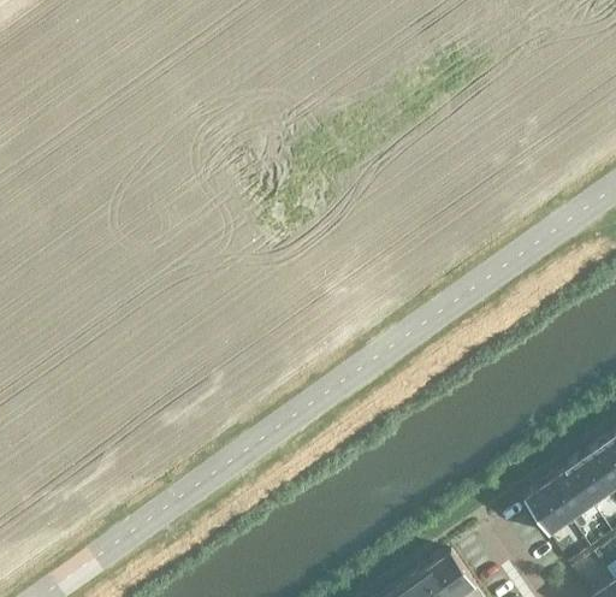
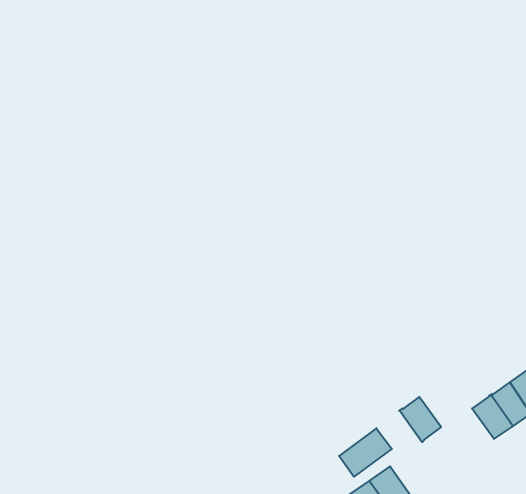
building: [523,486,571,538] -> [399,397,441,442]
building: none -> [339,428,392,477]

